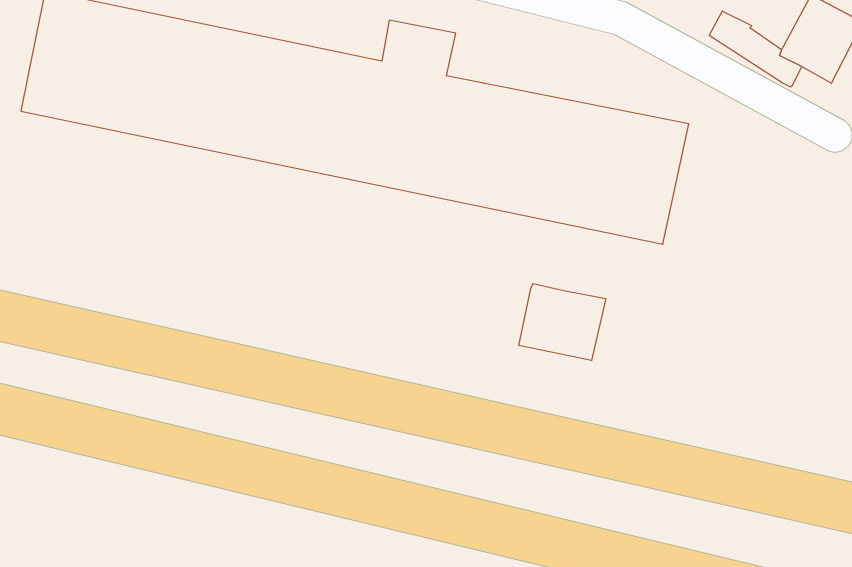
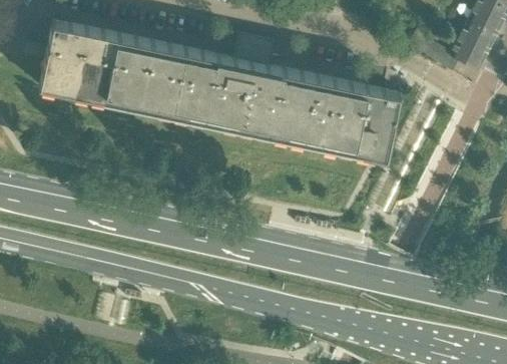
building: [519,284,606,361] -> none

